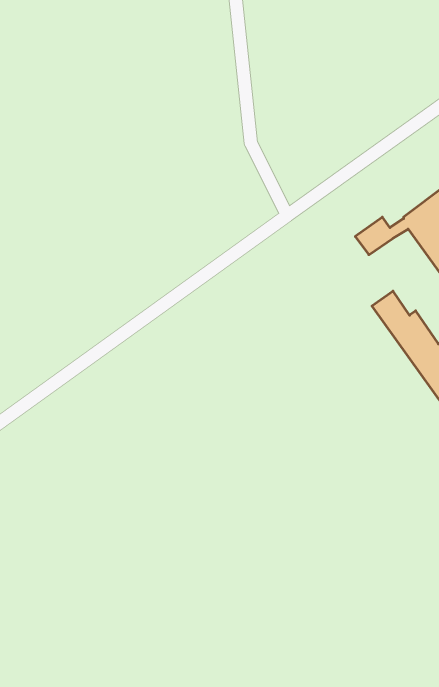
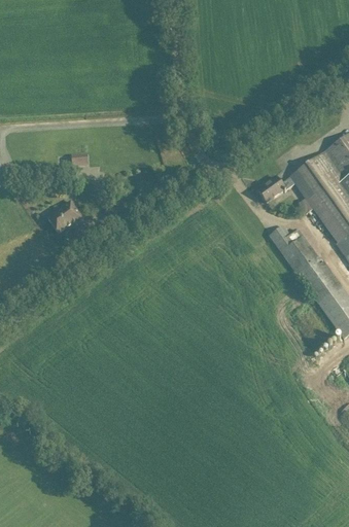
building: none -> [48,200,84,232]

